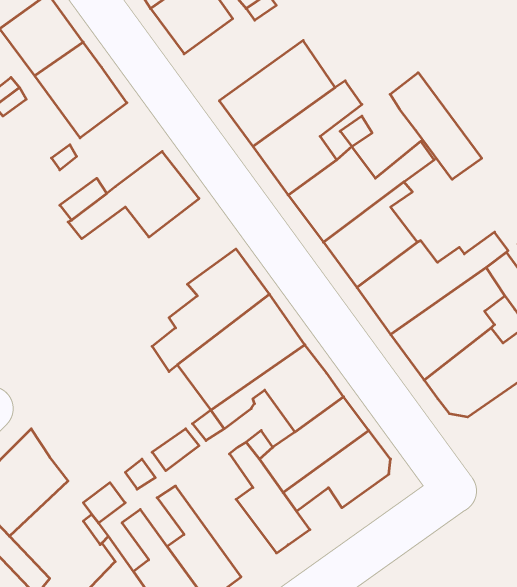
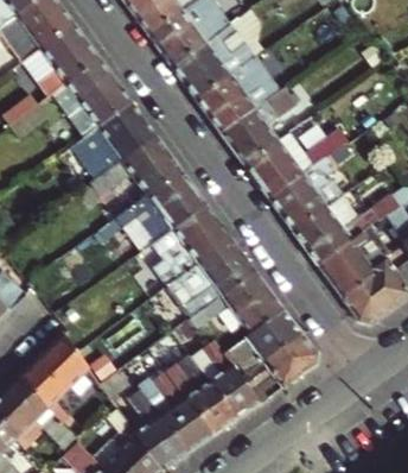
building: none -> [171,37,263,99]
building: [390,73,482,179] -> none
building: none -> [97,100,155,159]
building: none -> [97,168,208,252]
building: none -> [165,353,236,435]

